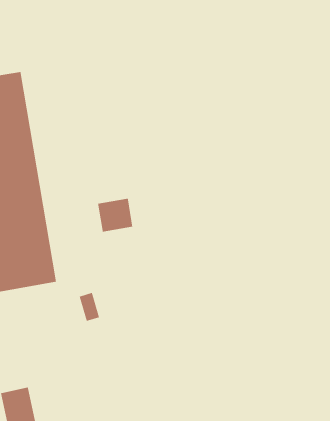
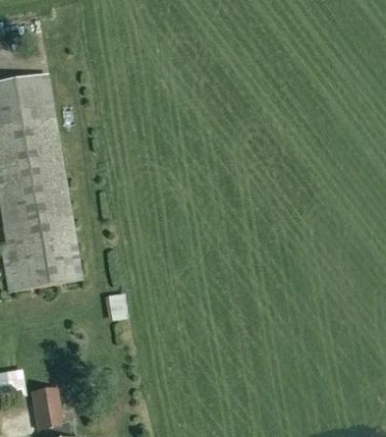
building: [98,198,133,232] -> none

